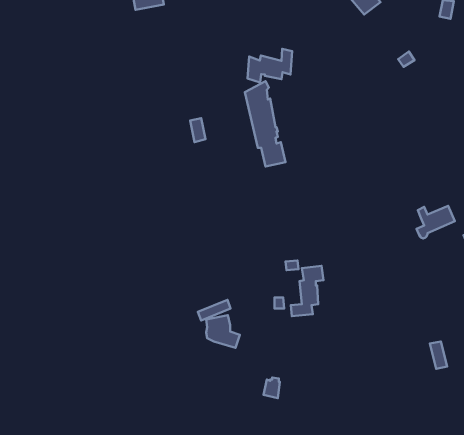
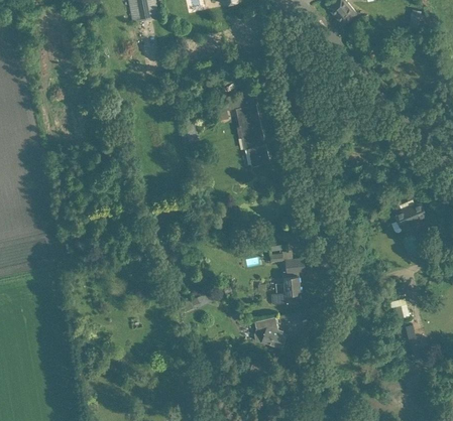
building: [247,49,292,83] -> none
building: [206,315,240,348] -> [255,317,287,347]

